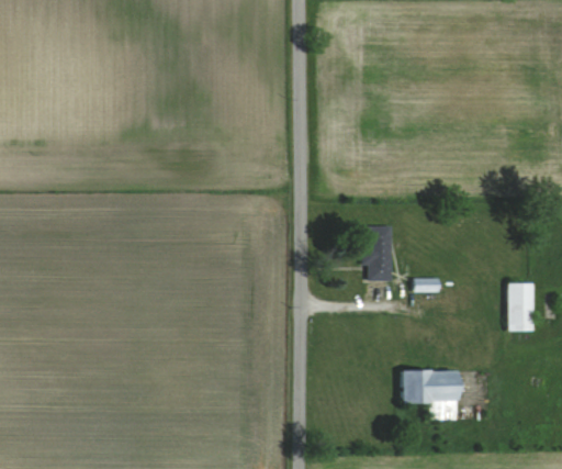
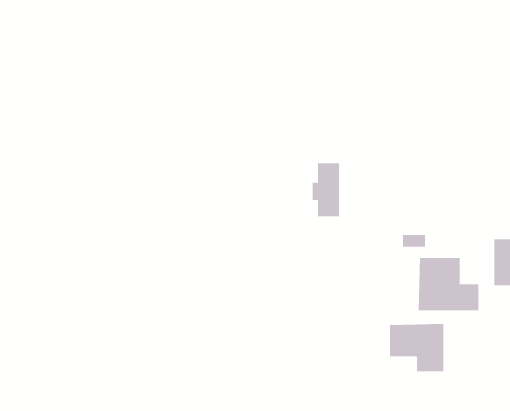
building: [363,225,392,280] -> [312,163,340,217]
building: none -> [418,257,479,311]

